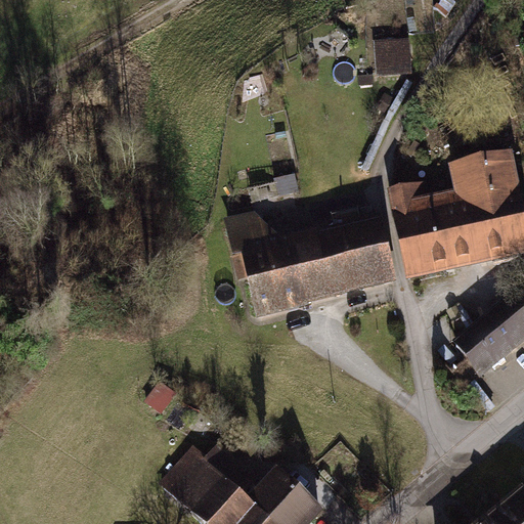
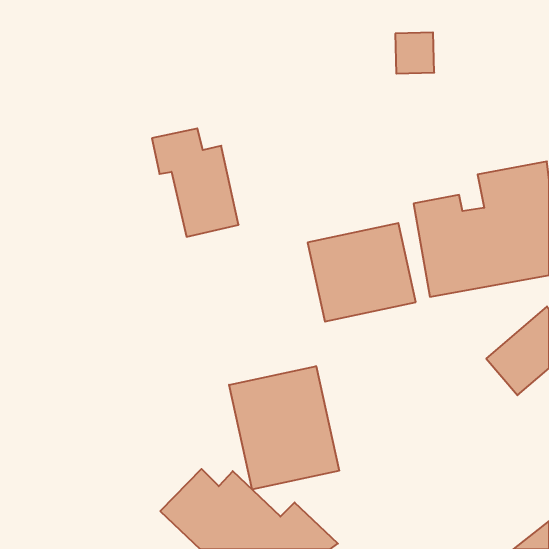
building: [225,213,307,315] -> [152,128,239,237]
building: none -> [229,366,339,489]

